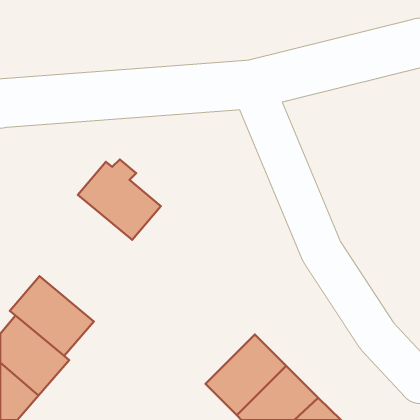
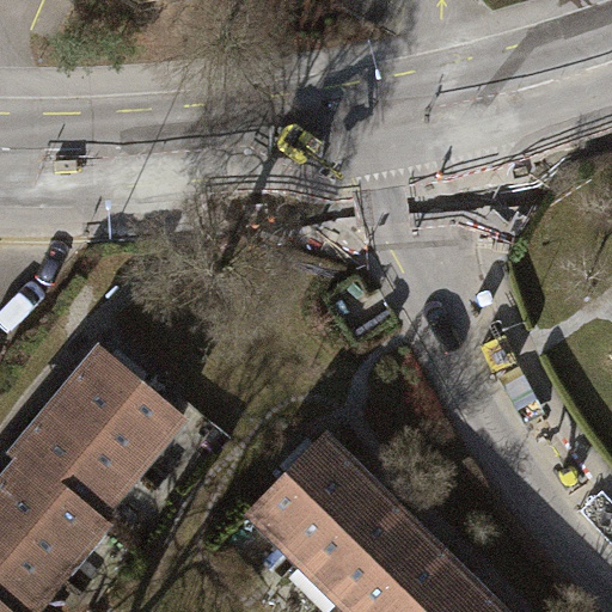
building: [78,159,161,240] -> [57,350,178,467]
building: none -> [253,441,371,558]

